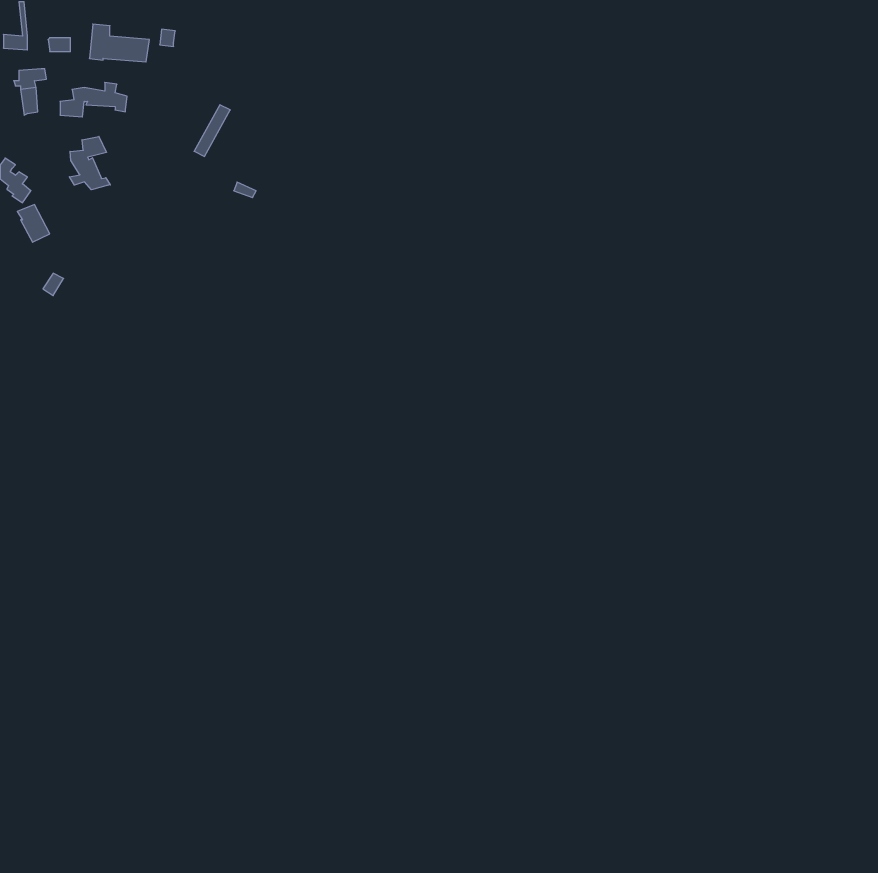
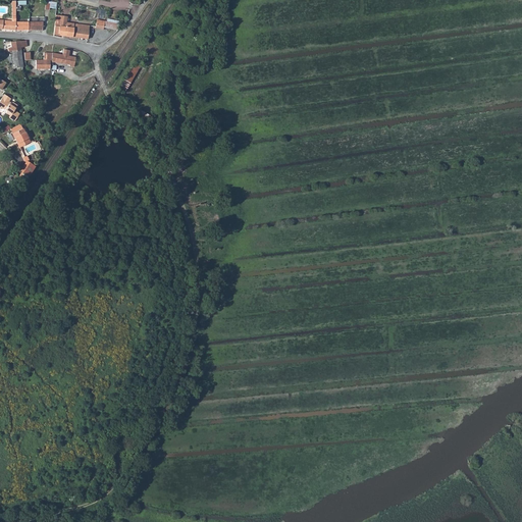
building: [69,136,110,190] -> none

